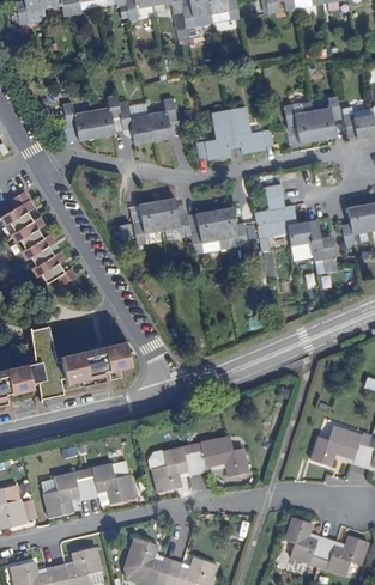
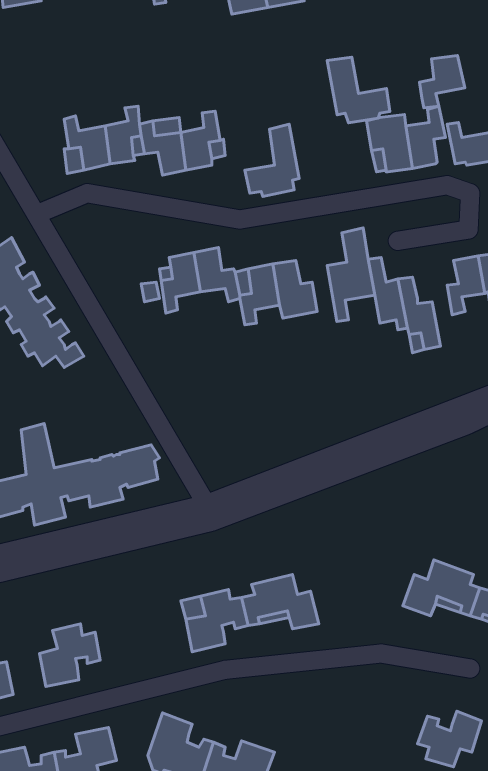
building: none -> [419,56,465,108]
building: [228,105,273,153] -> [327,57,390,123]
building: [86,459,135,504] -> none
building: [285,517,328,563] -> none

